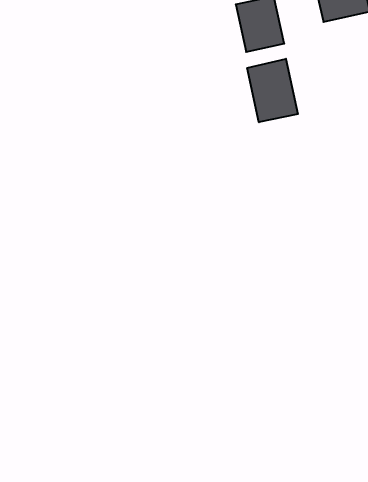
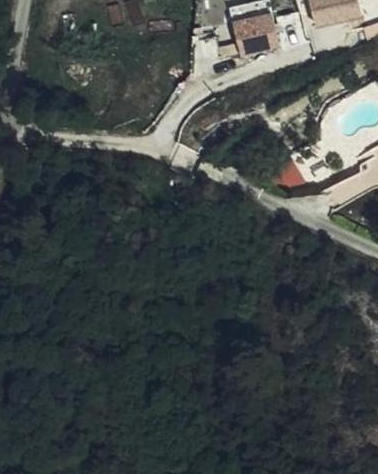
building: [247,59,298,122] -> none

